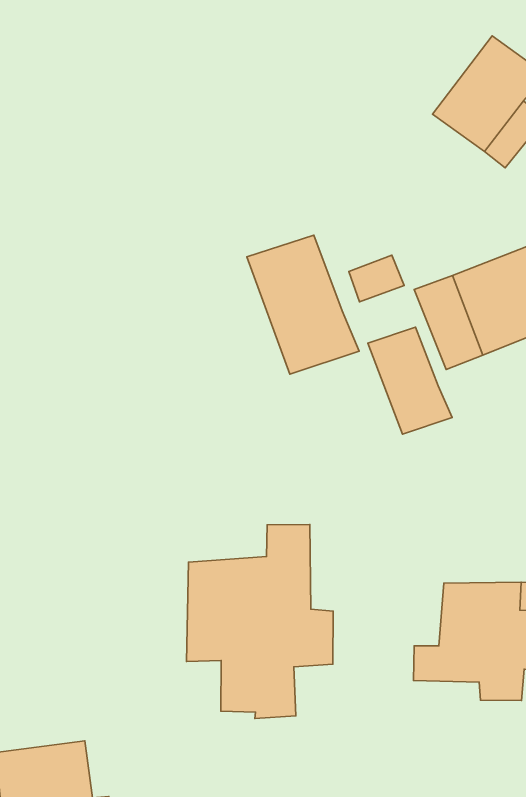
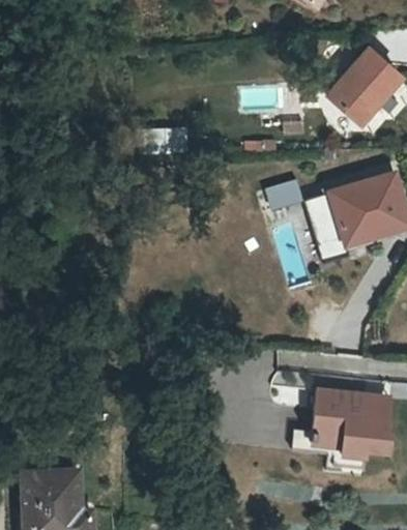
building: [247,235,359,374] -> none
building: [368,327,452,434] -> none
building: [186,524,333,718] -> none

